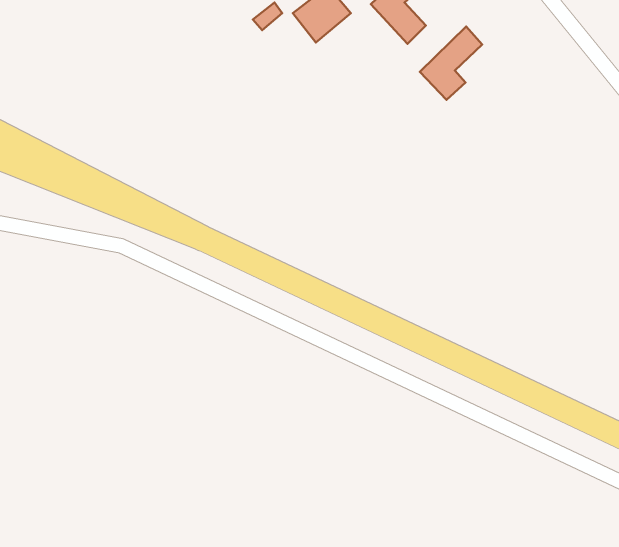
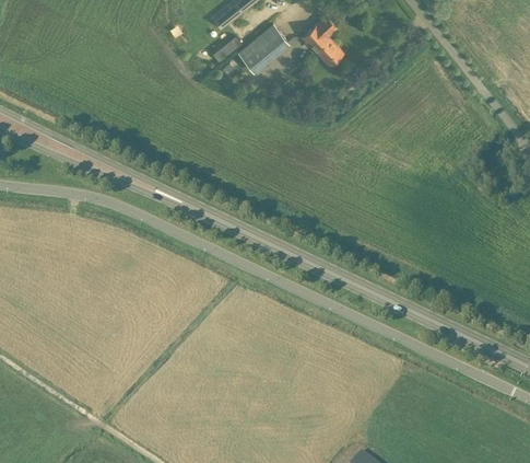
building: [420,27,482,100] -> none

